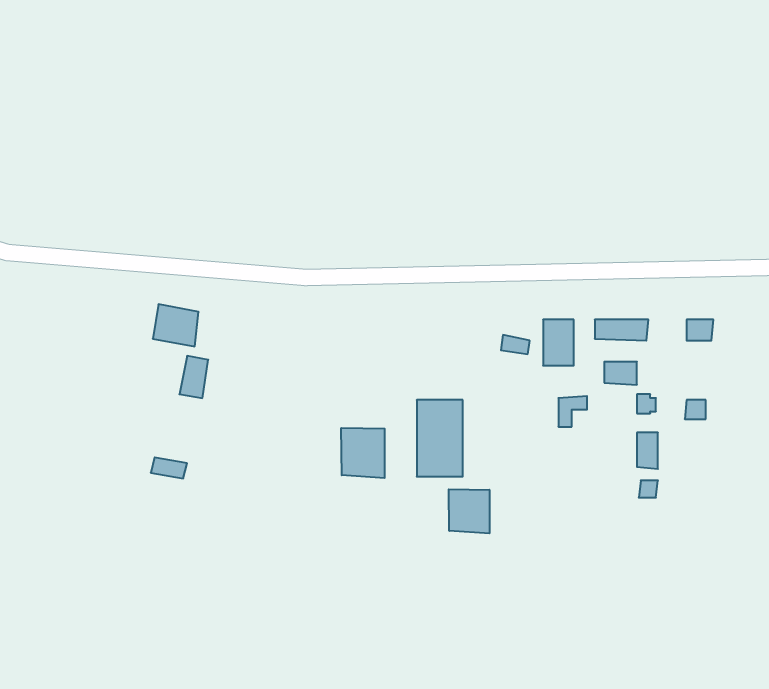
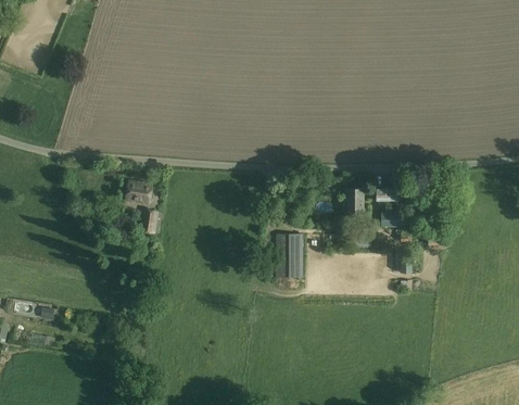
building: [341,428,385,478] -> none
building: [449,489,489,533] -> none

